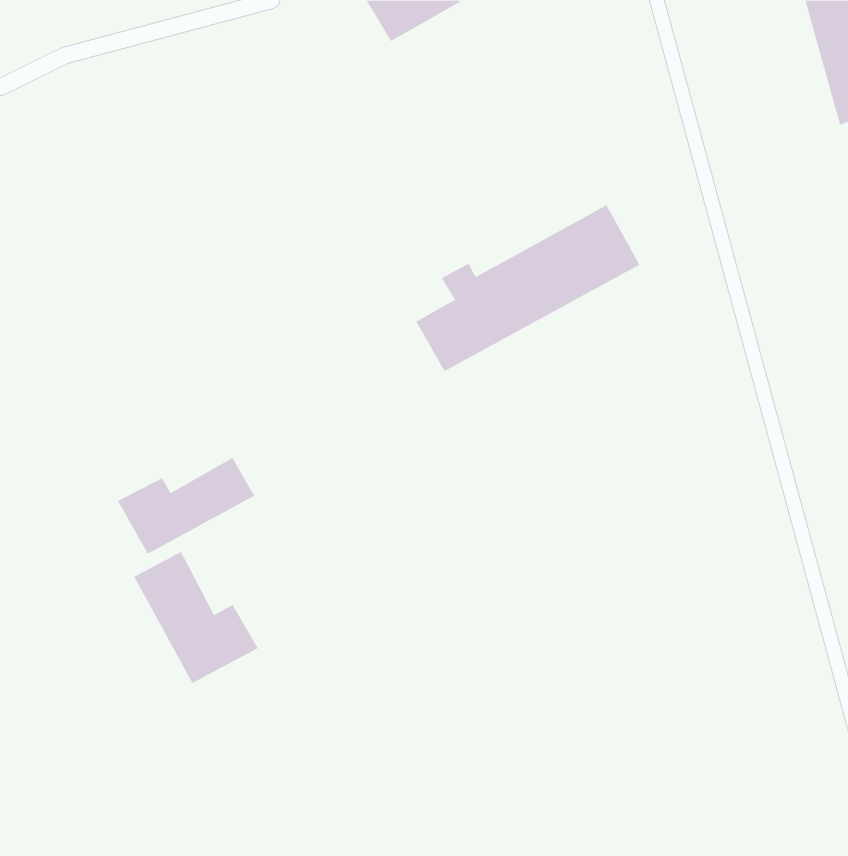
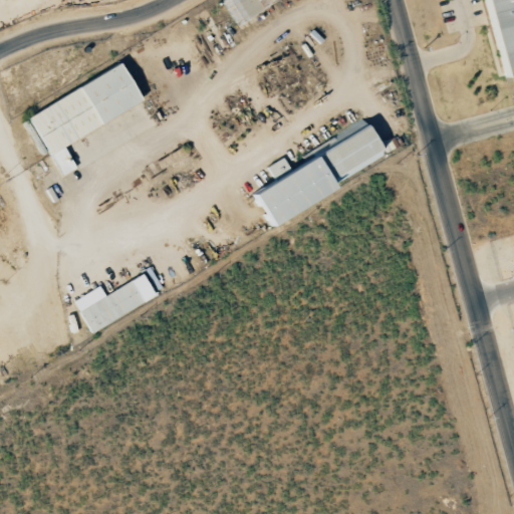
building: none -> [30,64,144,176]
building: [134,551,258,684] -> none

